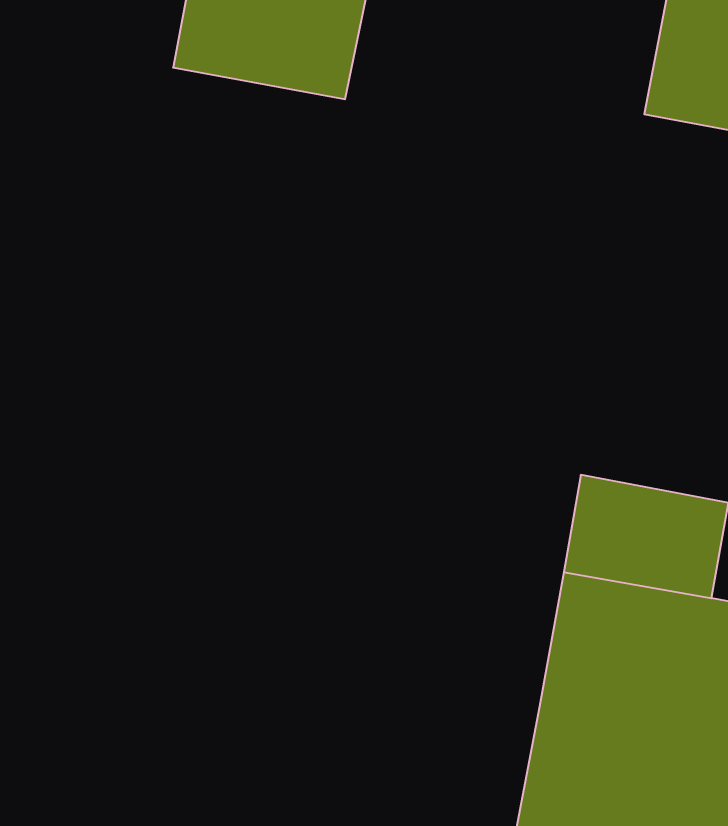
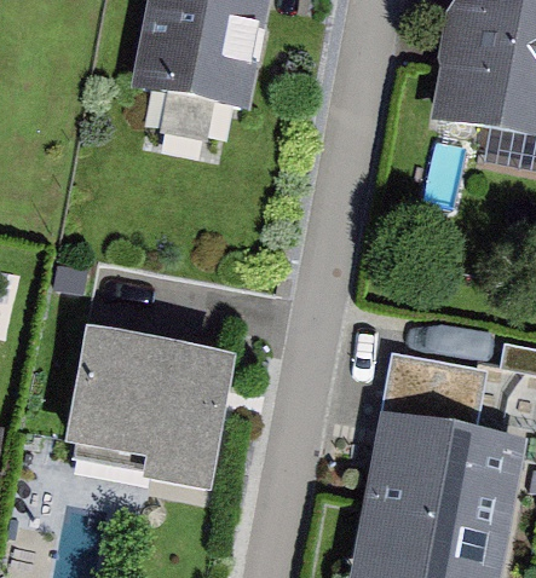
building: none -> [65,330,235,493]

